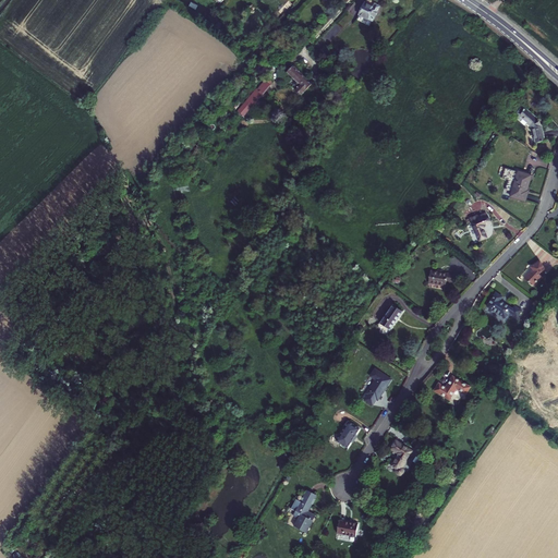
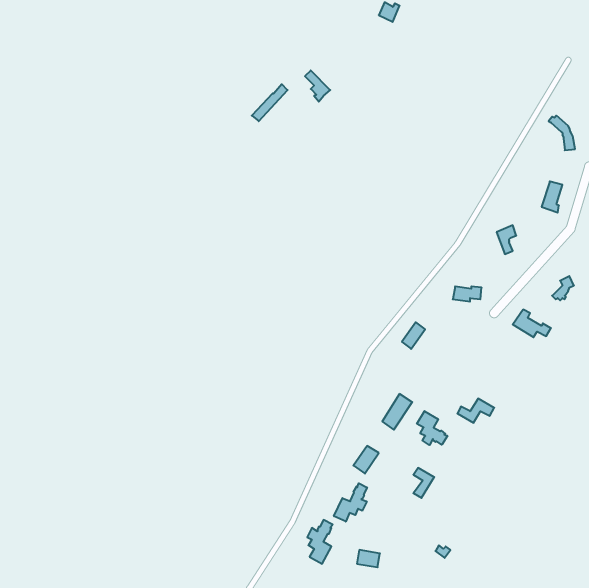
building: none -> [417,411,447,445]
building: none -> [334,483,367,522]

